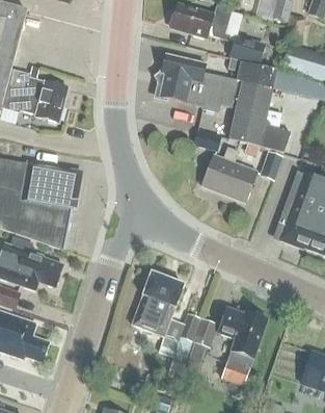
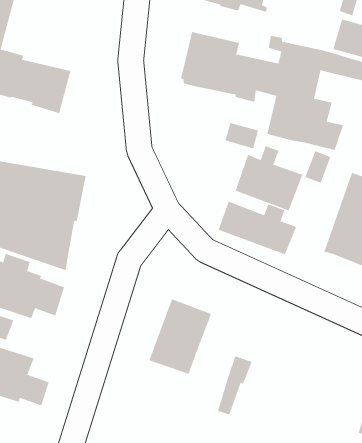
building: [232,35,264,60] -> none
building: none -> [218,201,297,255]
building: [218,308,268,386] -> none
building: [164,313,199,342] -> none

